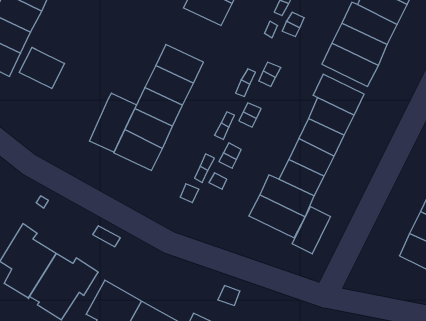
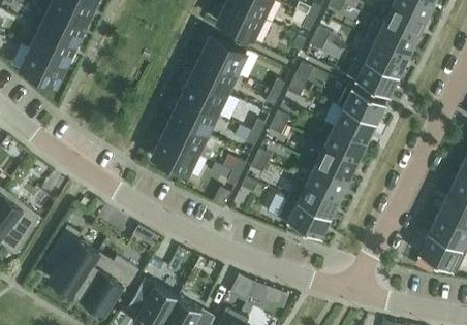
building: none -> [200,36,246,74]
building: [19,47,65,89] -> none
building: [90,93,137,152] -> none
building: [292,206,330,254] -> none

